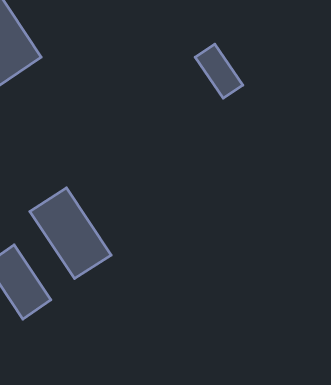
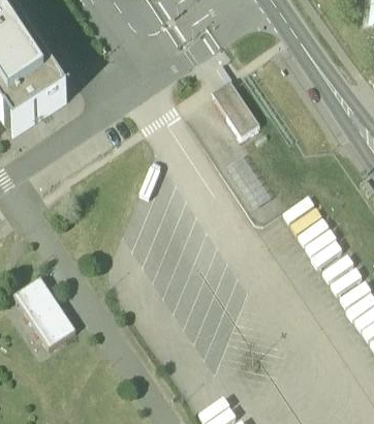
building: [30,188,111,279] -> none

